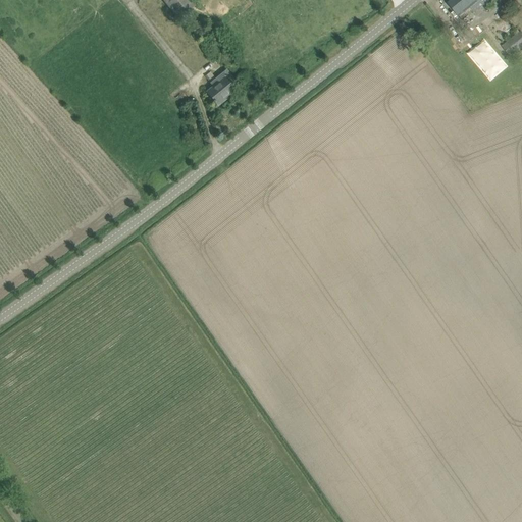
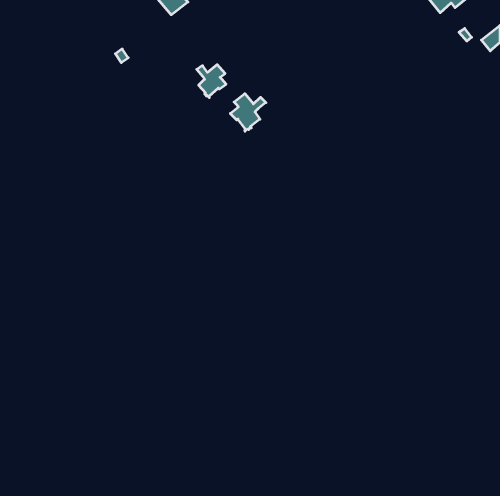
building: none -> [230,94,266,131]

